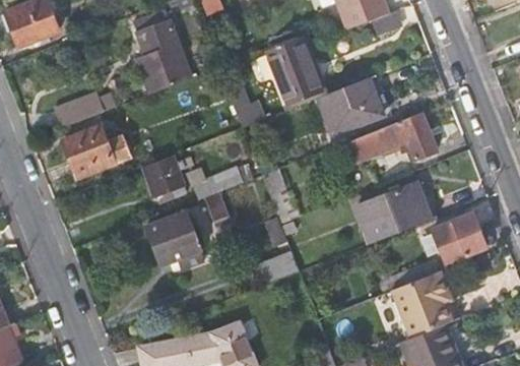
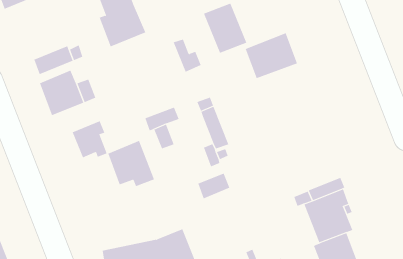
building: [349,112,437,161] -> none
building: [141,151,186,198] -> [72,121,108,158]
building: [356,183,435,242] -> none
building: [431,211,485,263] -> none

